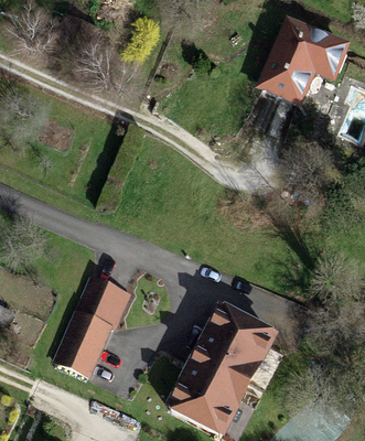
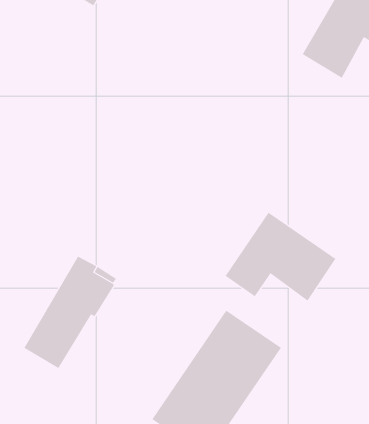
building: none -> [225,212,336,302]

